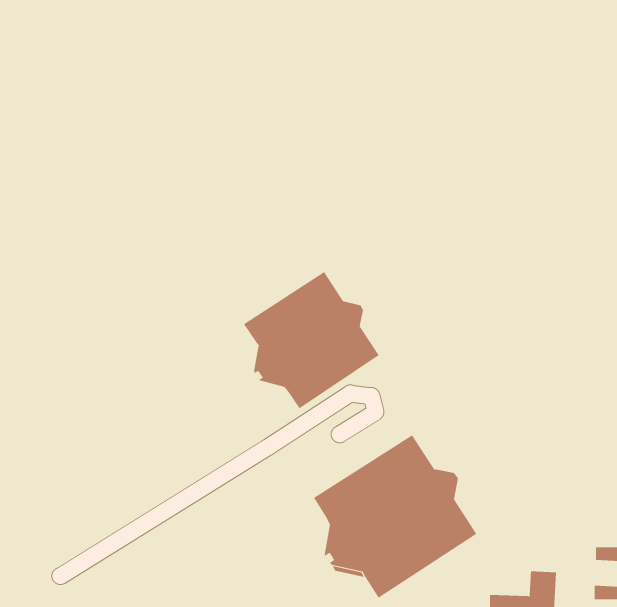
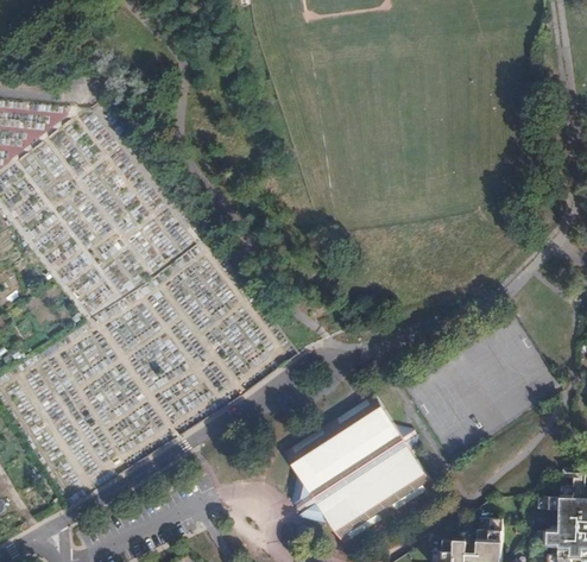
building: [243,271,379,409] -> none

